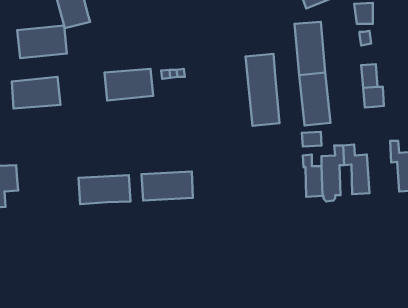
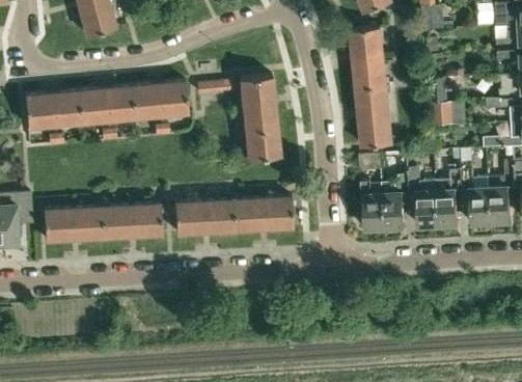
building: [17,26,67,58] -> [78,86,135,124]
building: [245,54,280,126] -> [240,76,279,159]
building: none -> [434,165,462,225]
building: none -> [232,197,293,230]
building: none -> [44,208,104,241]

